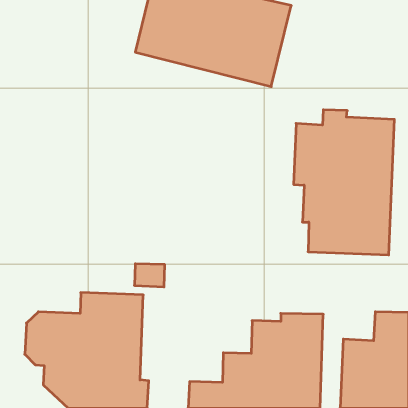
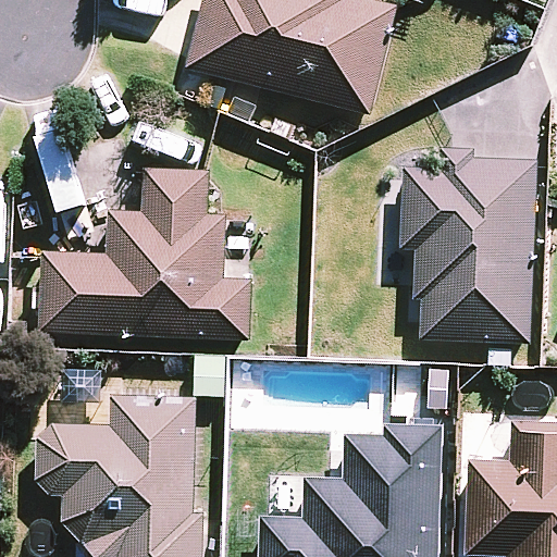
building: none -> [38,169,252,342]

